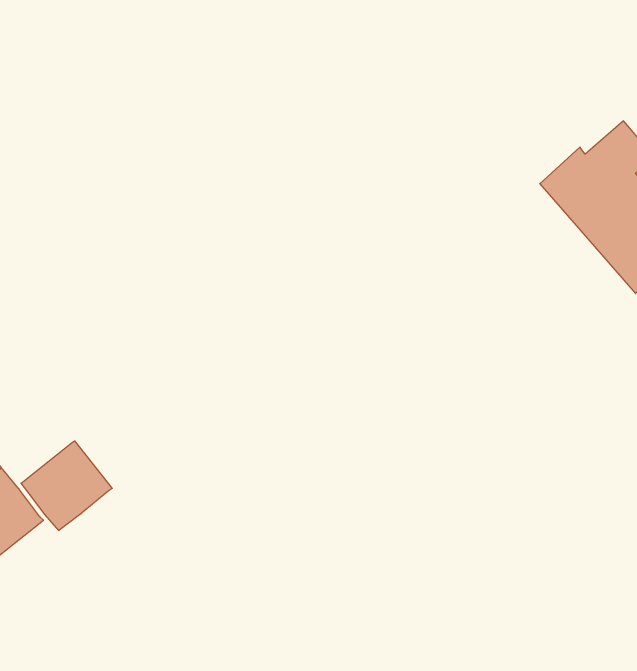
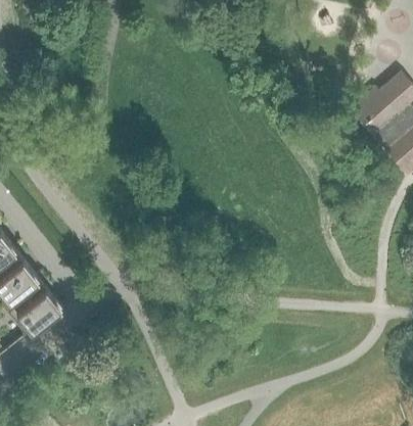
building: [21,441,112,531] -> none

